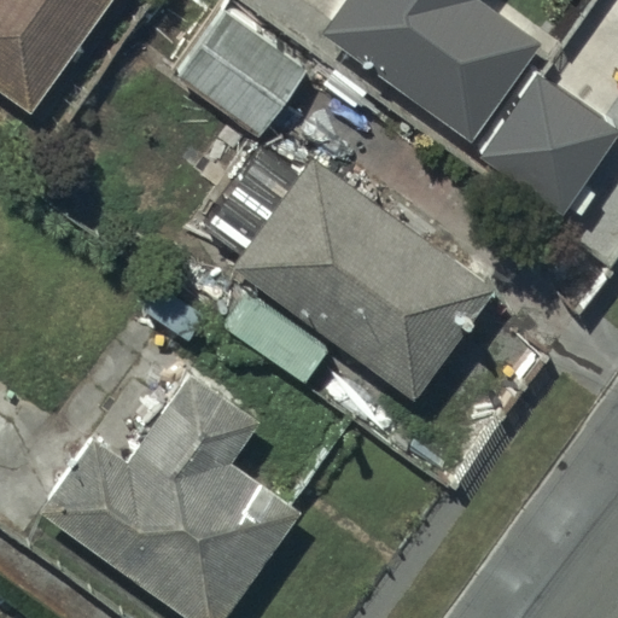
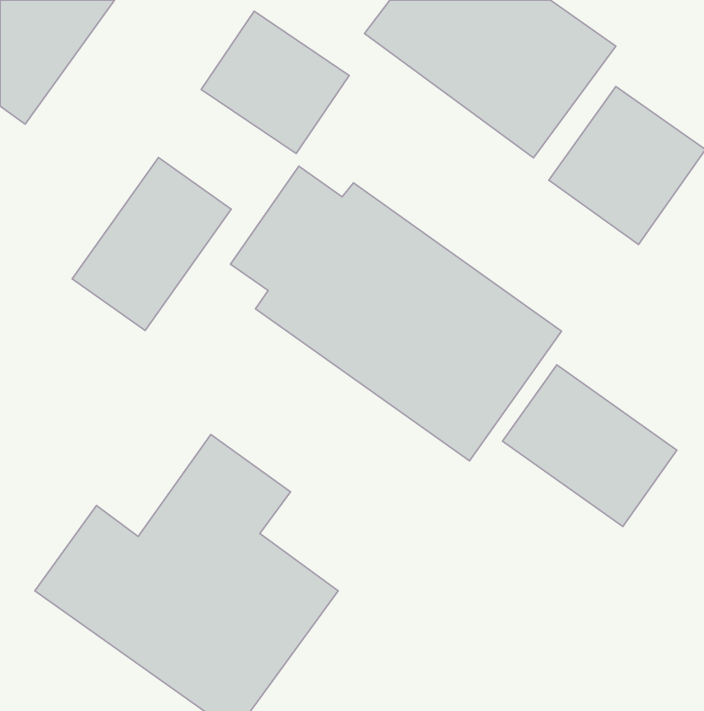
building: none -> [72,158,231,330]
building: none -> [503,365,677,527]

